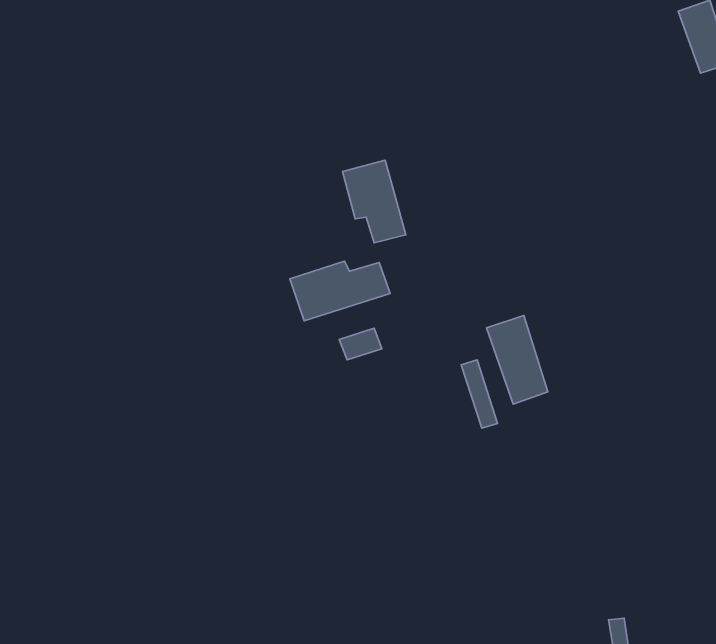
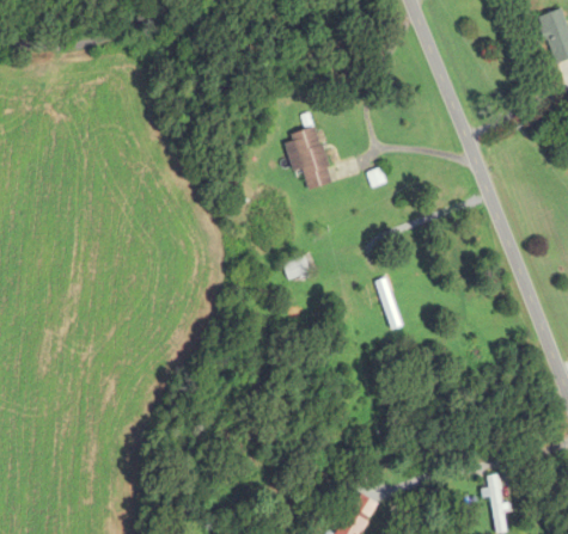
building: [290,261,390,321] -> none
building: [487,316,548,404] -> none

